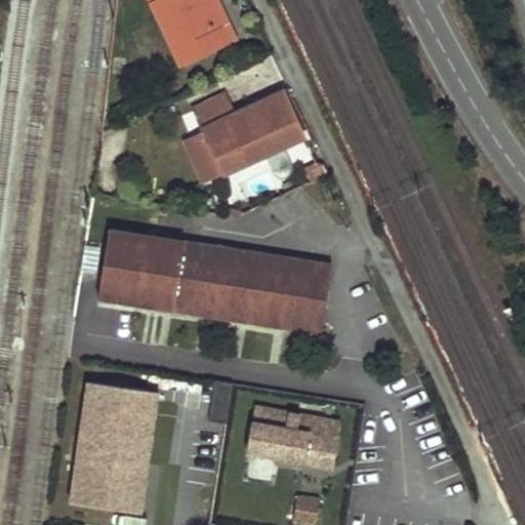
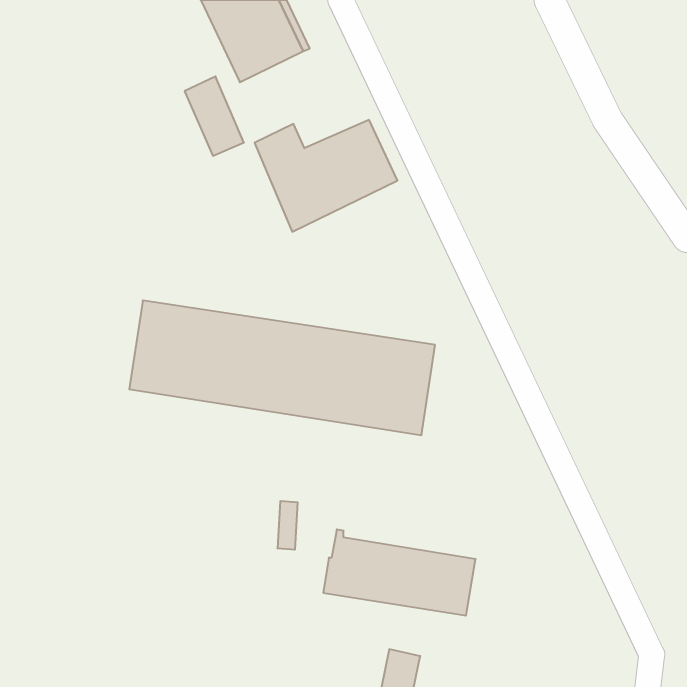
building: [177,127,223,188] -> [185,76,244,156]
building: [71,385,158,514] -> none

